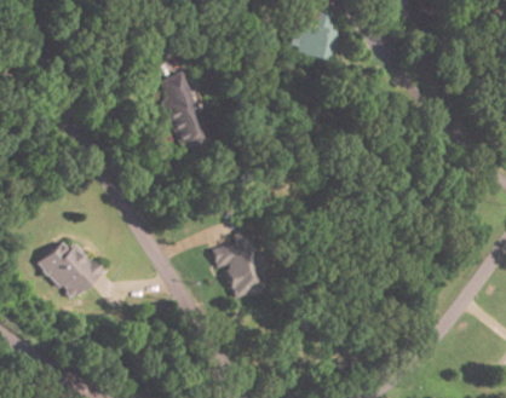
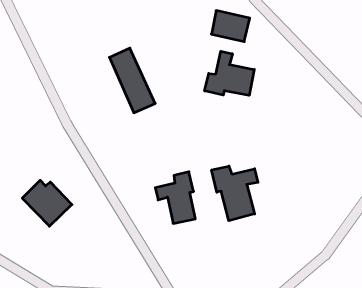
building: none -> [205,51,254,95]
building: none -> [212,166,258,221]

